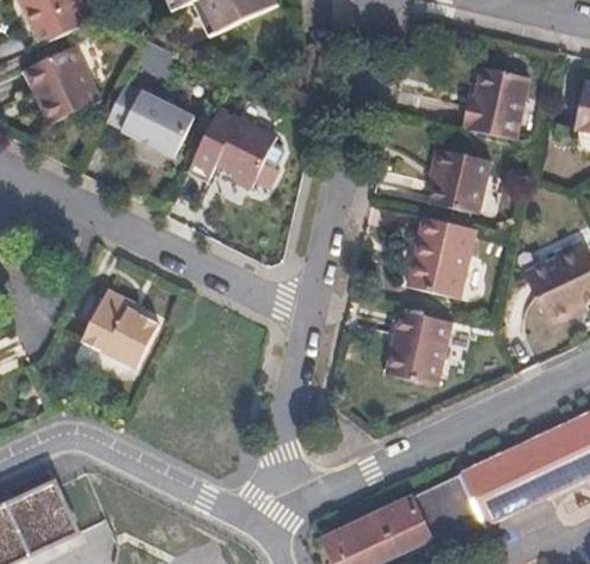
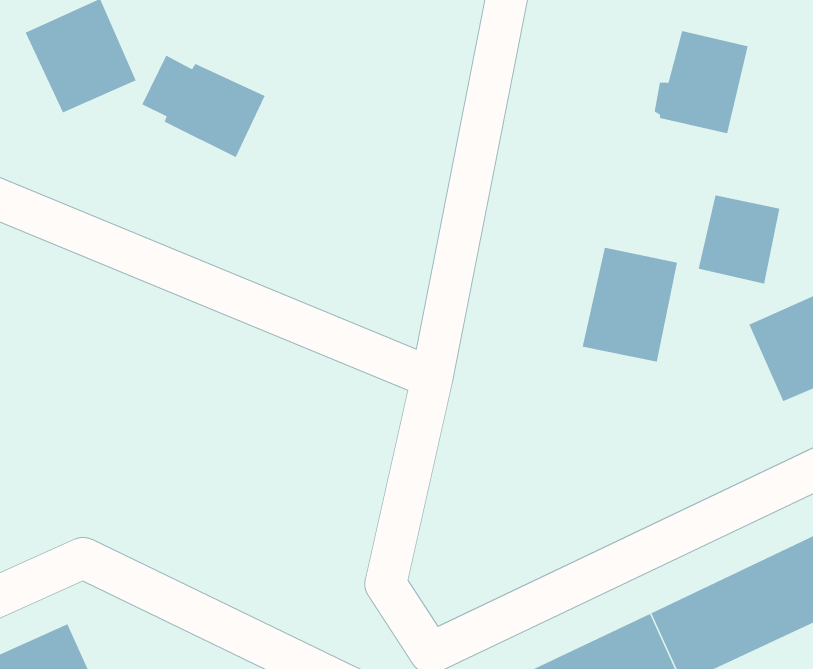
building: [188,106,287,186] -> none
building: [434,151,491,213] -> [698,195,780,284]
building: [81,293,158,370] -> none
building: [387,309,454,388] -> none

